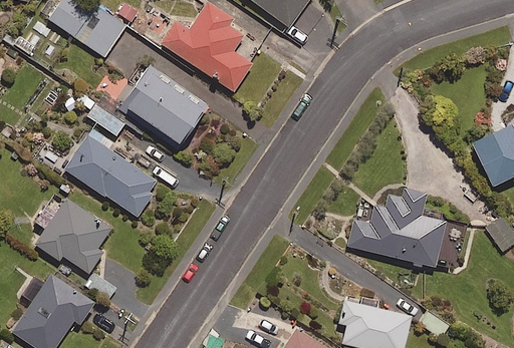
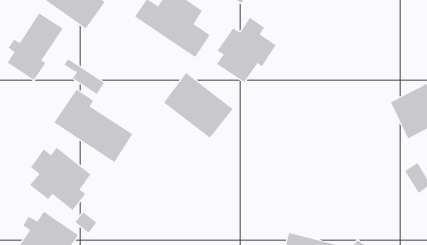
building: none -> [7,13,64,81]
building: none -> [216,17,277,83]
building: [124,64,209,143] -> [163,72,234,139]
building: [345,191,446,269] -> none

